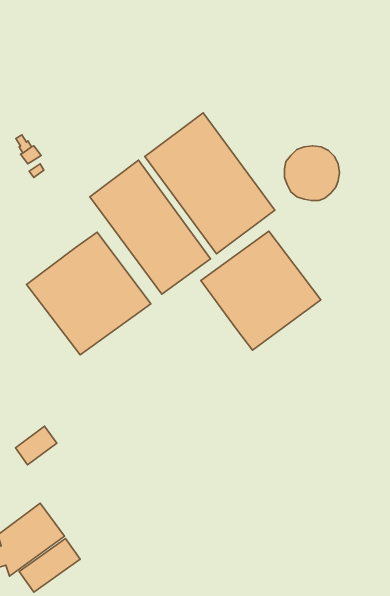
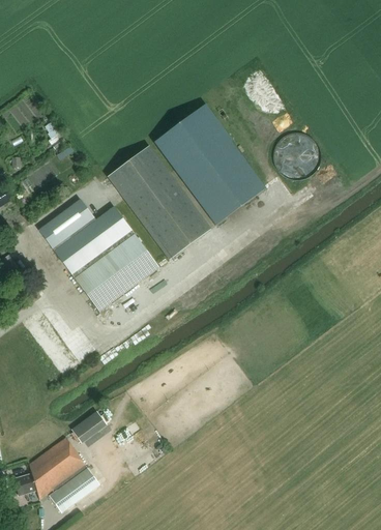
building: none -> [38,199,95,251]
building: [201,231,321,350] -> none
building: [15,426,57,465] -> [71,410,107,443]

